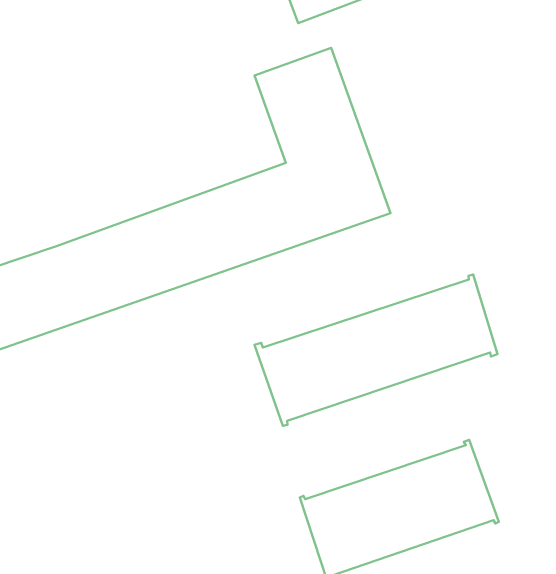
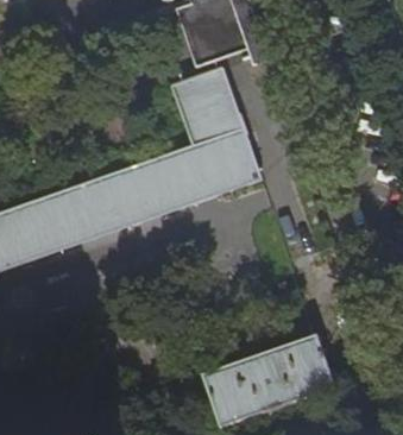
building: [254,275,497,426] -> none

